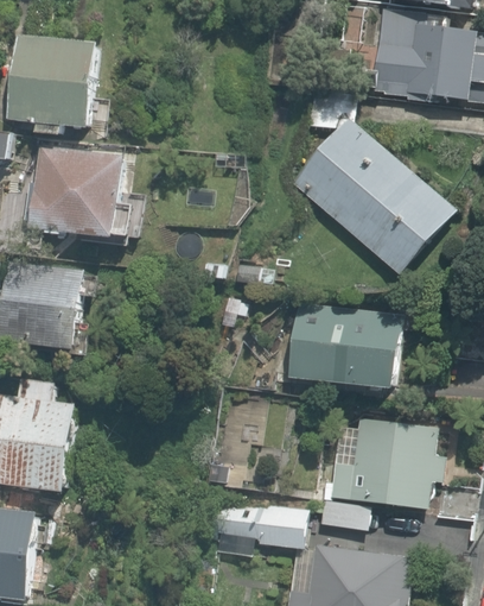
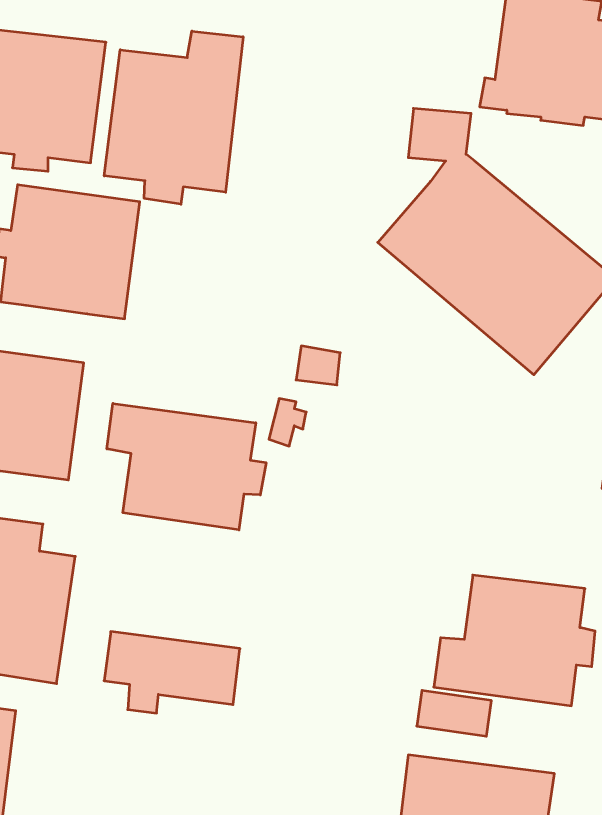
building: none -> [104,31,243,204]
building: none -> [107,403,266,530]
building: [288,302,401,387] -> none
building: [214,499,308,556] -> [104,632,240,713]

